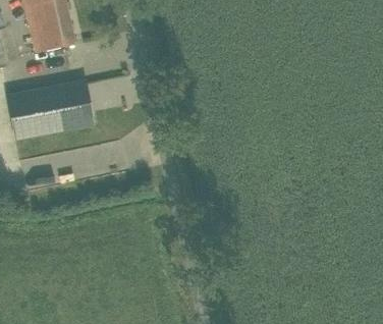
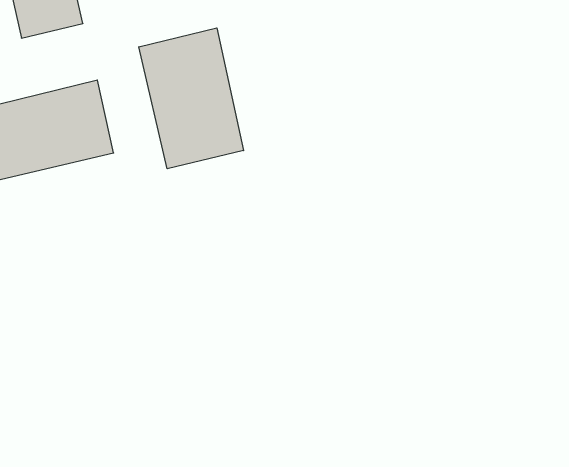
building: none -> [139,28,244,169]

